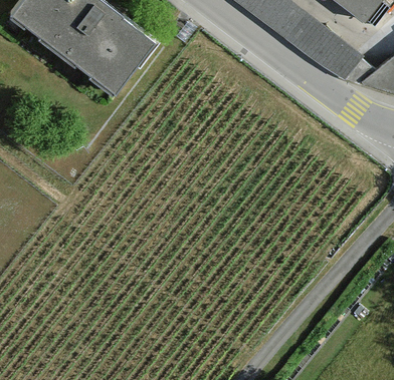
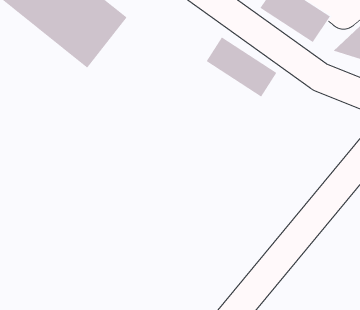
building: none -> [206,37,277,97]

